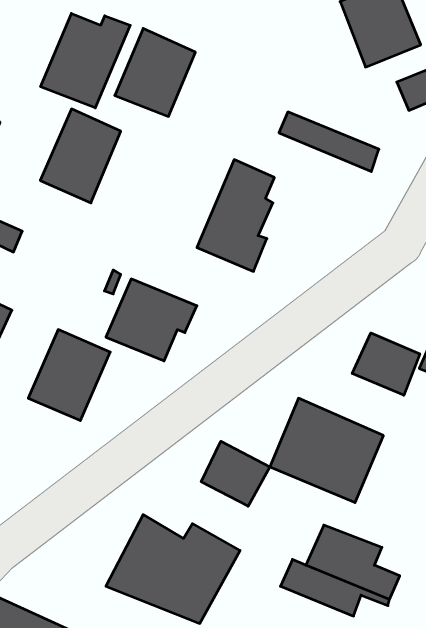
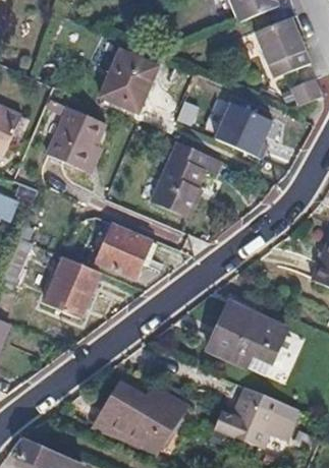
building: [41,13,130,108] -> none
building: [352,333,420,395] -> none
building: [201,441,270,506] -> none

